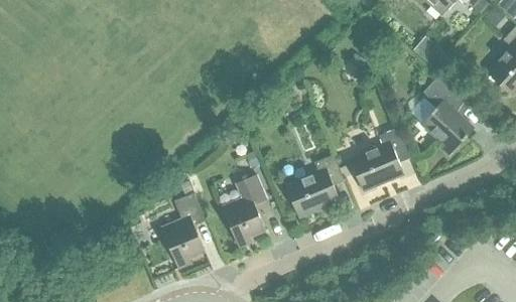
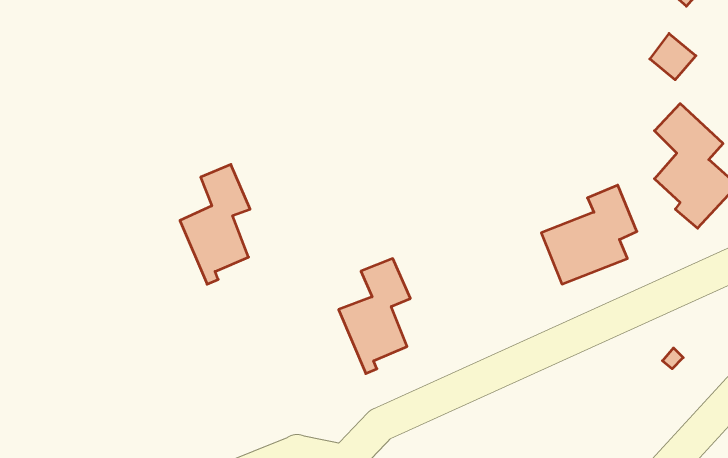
building: [285,155,345,218] -> none
building: [161,193,206,269] -> [180,164,250,284]

